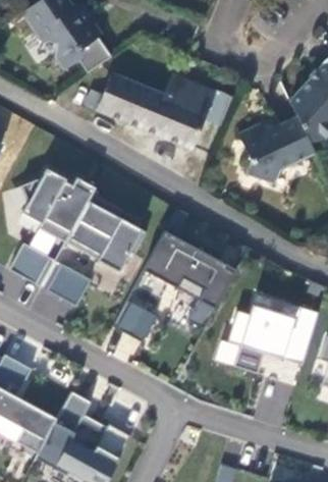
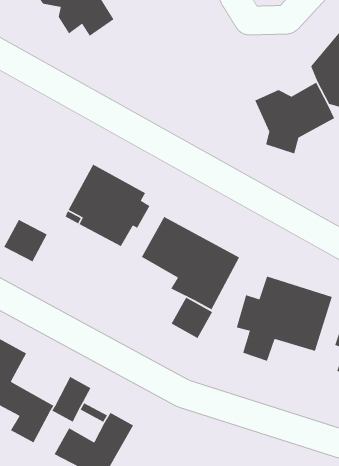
building: [89,74,216,148] -> none
building: [21,166,95,236] -> none
building: [47,263,92,305] -> none
building: [116,302,156,341] -> [171,297,213,339]

